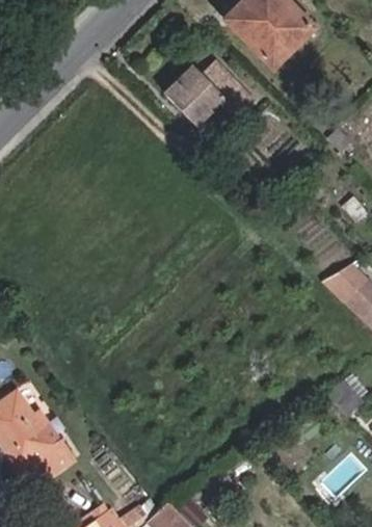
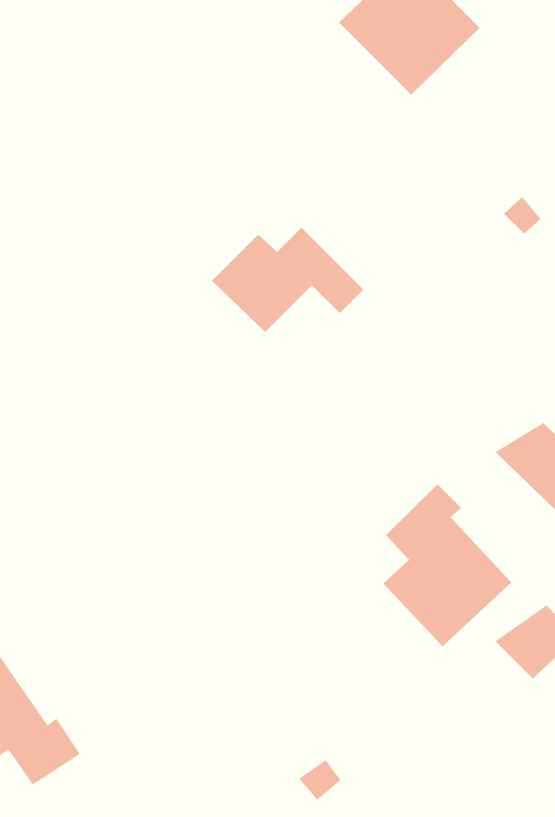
building: [162,61,254,125] -> [211,227,364,333]
building: none -> [383,484,512,647]

